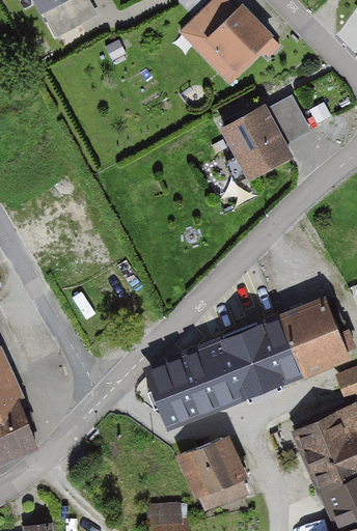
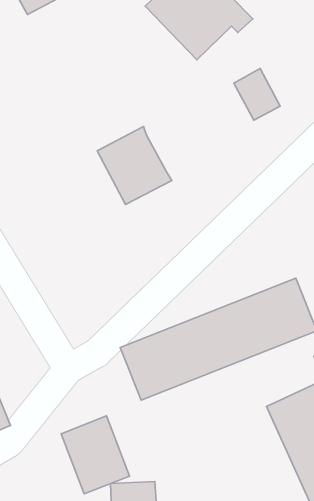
building: [215,102,289,178] -> [97,127,172,205]
building: [177,436,245,512] -> [61,416,130,494]

